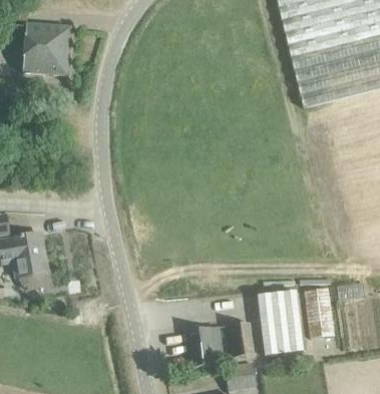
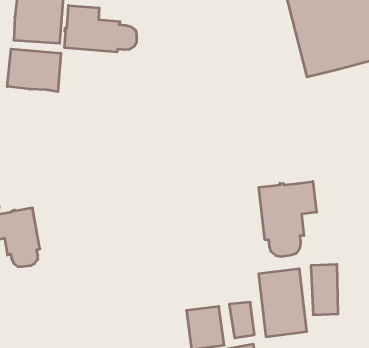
building: none -> [65,5,137,52]
building: none -> [7,49,61,92]
building: none -> [259,181,317,257]

